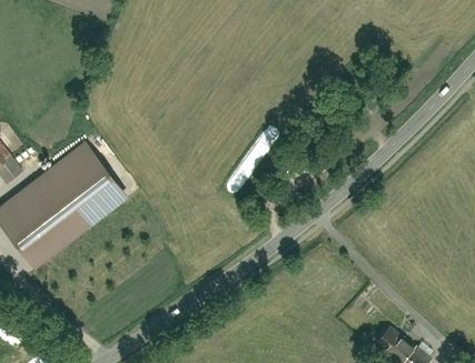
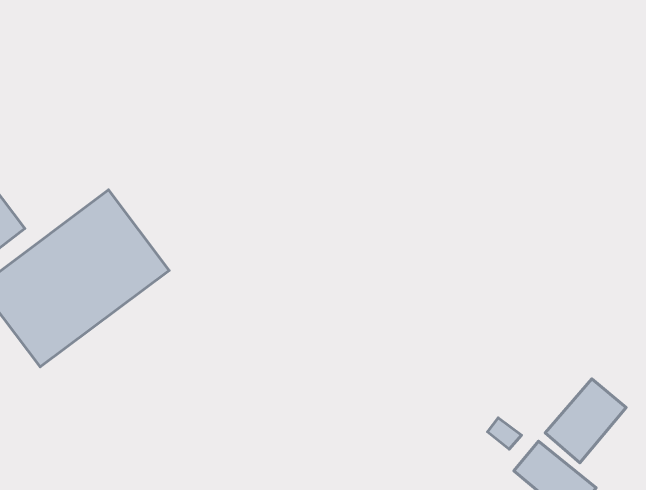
building: none -> [545,379,626,463]

